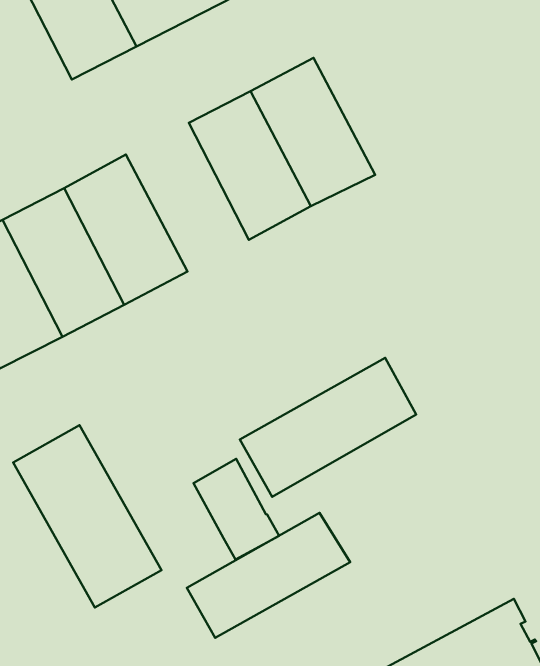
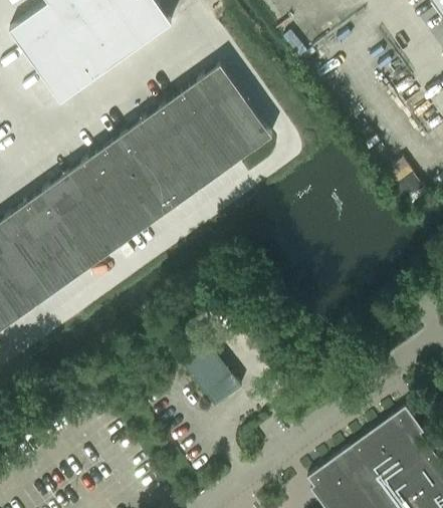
building: none -> [102,121,193,221]
building: [240,358,416,497] -> none
building: [13,425,161,608] -> none
building: [187,513,350,638] -> none

